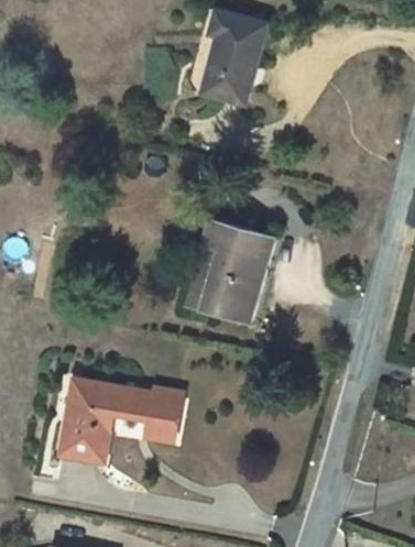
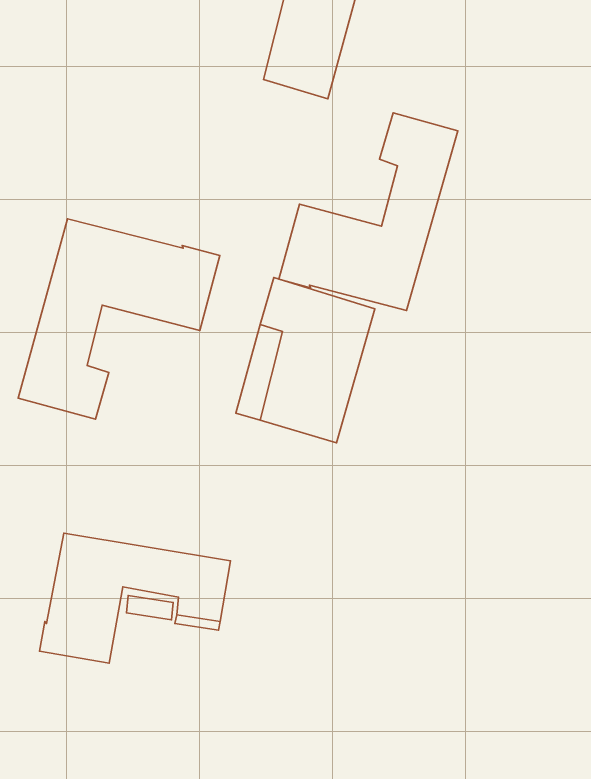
building: none -> [279,113,458,310]
building: none -> [18,219,220,419]

